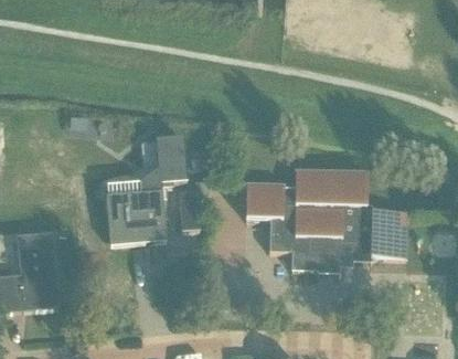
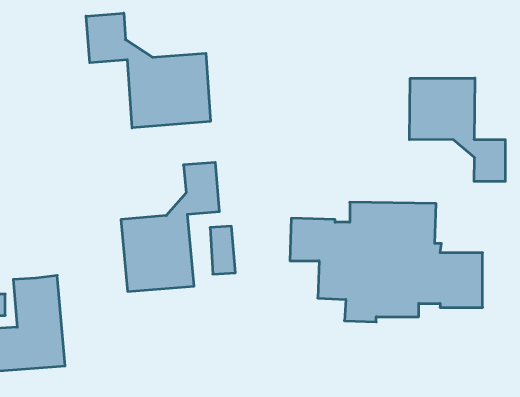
building: none -> [86,13,210,128]
building: none -> [409,78,505,181]

